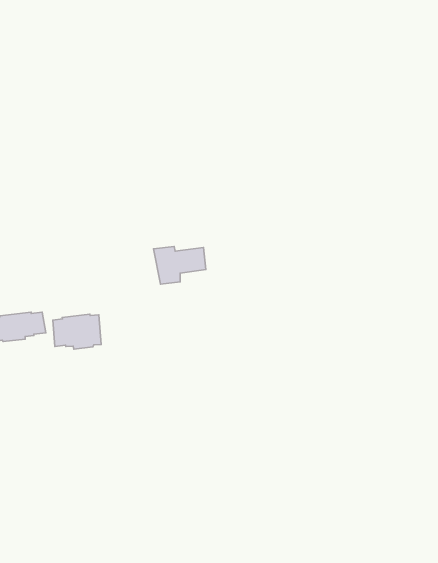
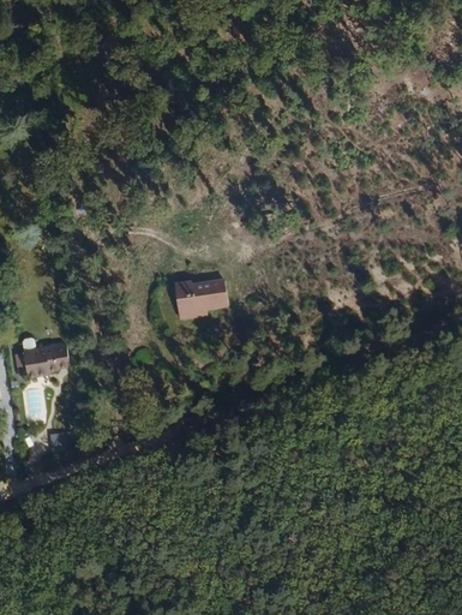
building: [53,314,101,349] -> none

